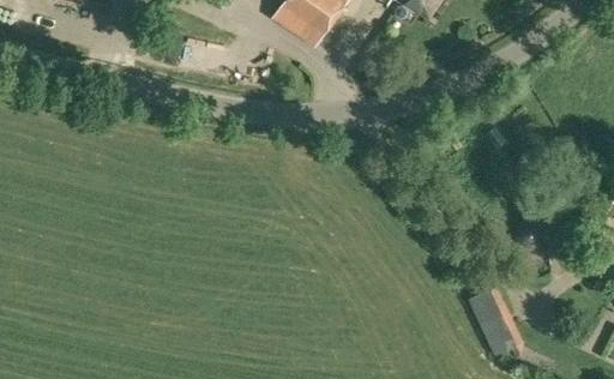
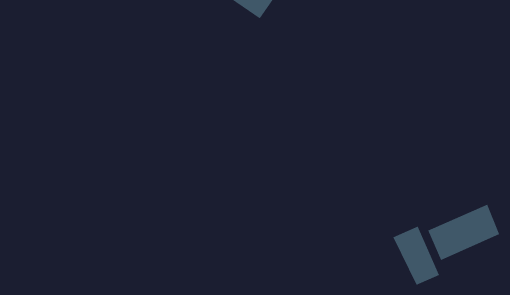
building: none -> [428,204,500,261]

